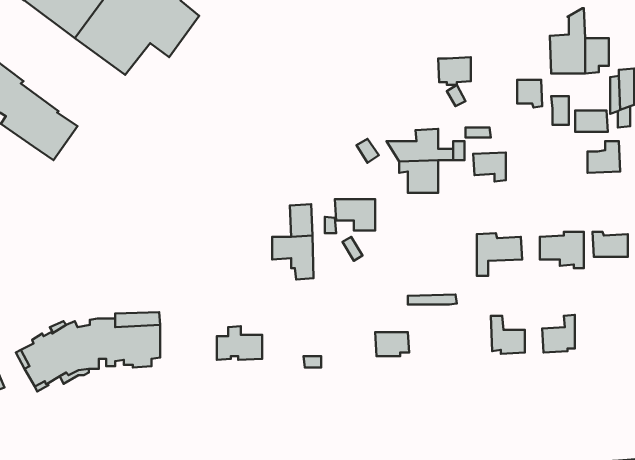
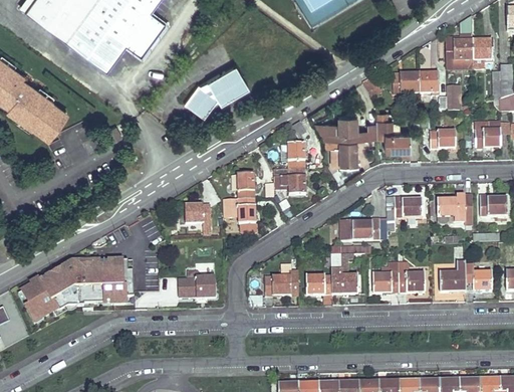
building: [438,57,471,85] -> [393,73,419,95]
building: none -> [185,62,248,117]
building: [575,110,608,132] -> [430,131,456,148]
building: none -> [287,143,305,169]
building: none -> [185,205,211,233]
building: none -> [340,218,387,240]
building: none -> [331,253,358,293]
building: none -> [465,261,491,290]
building: none -> [372,262,399,293]
building: none -> [264,271,298,296]

